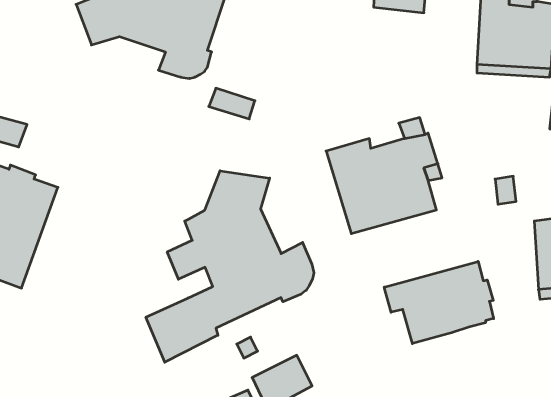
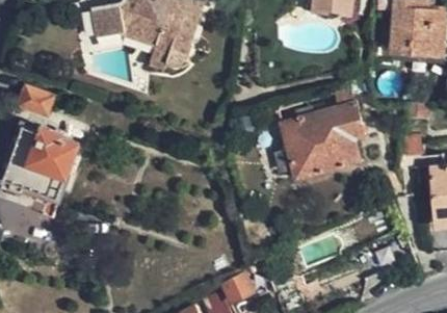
building: [146,171,314,362] -> none
building: [384,261,494,344] -> none

